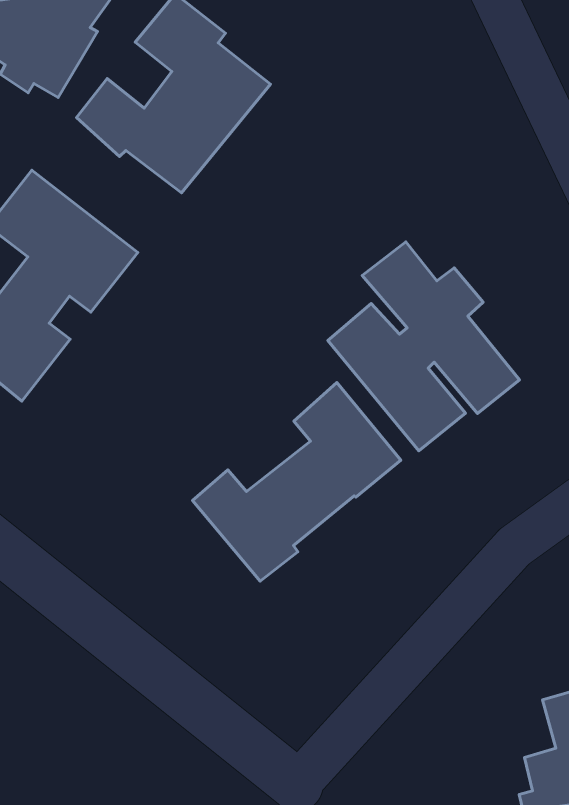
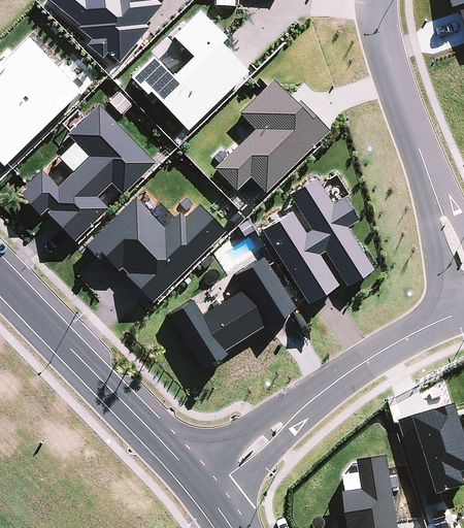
building: none -> [210,79,331,195]
building: none -> [85,196,226,301]

